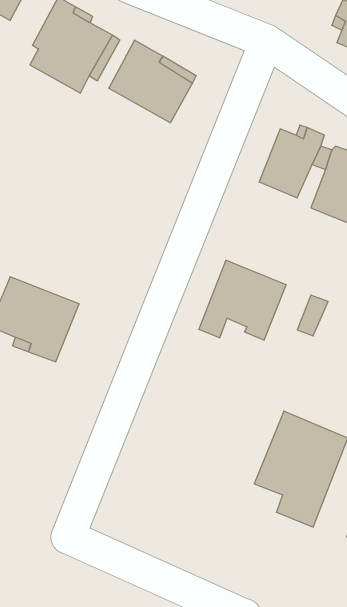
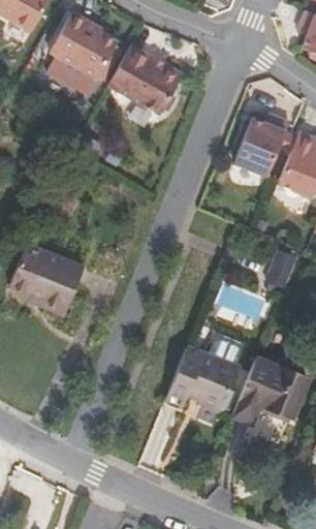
building: [199,260,286,340] -> [164,345,238,412]

